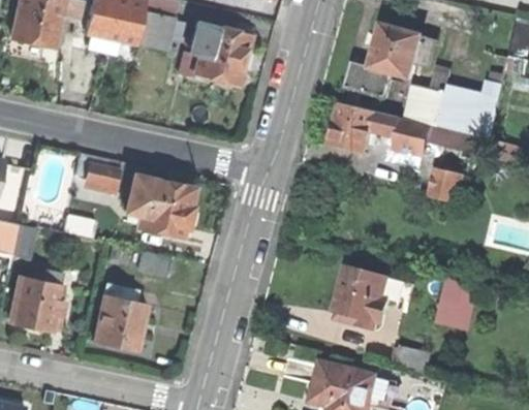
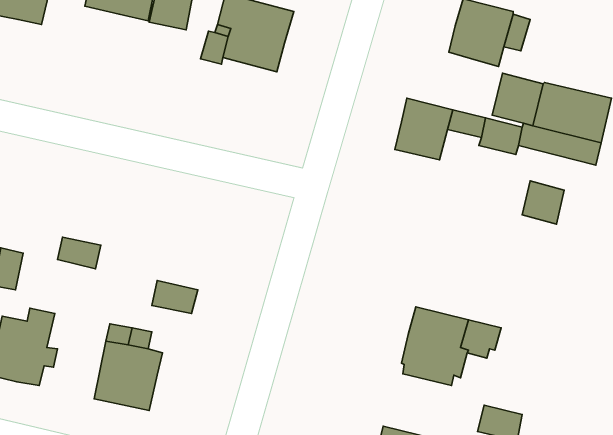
building: [346,63,393,98] -> none
building: [85,159,193,233] -> none
building: [436,279,475,329] -> none

